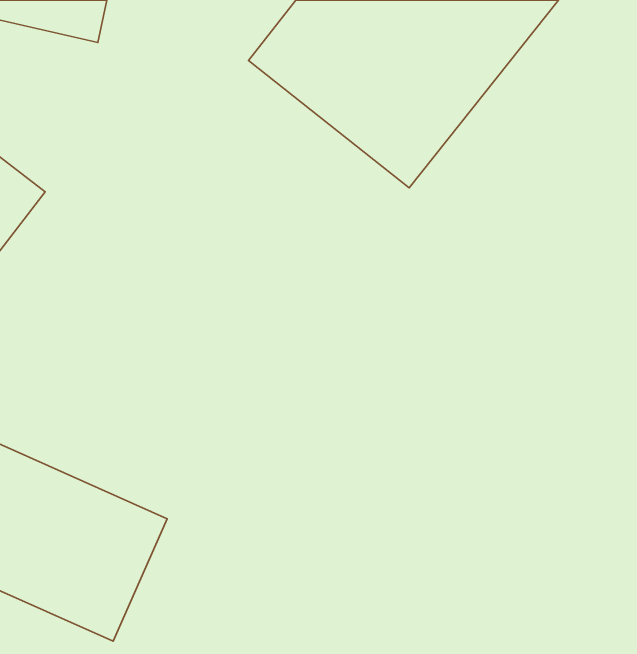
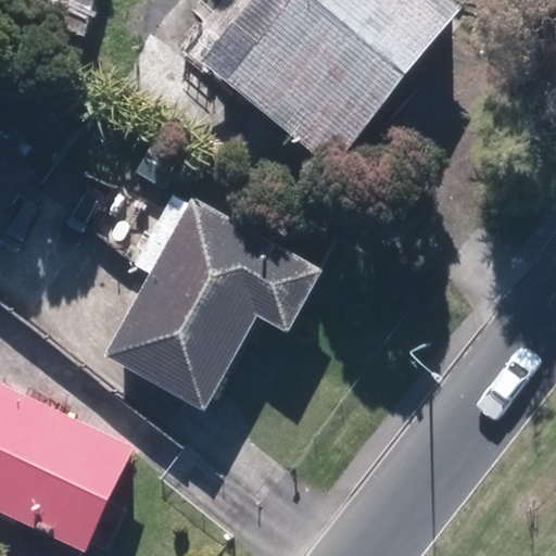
building: none -> [112,193,329,404]

